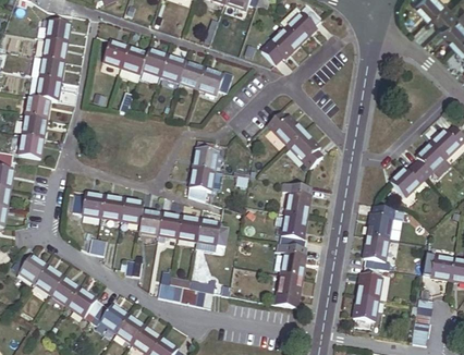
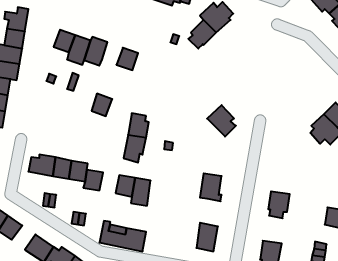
building: [160,56,185,83] -> [92,94,112,116]
building: [197,69,231,96] -> none
building: [266,112,305,148] -> none
building: [389,166,425,198] -> none
building: [283,183,309,218] -> none
building: [365,206,395,240] -> none
building: [156,213,181,243] -> none
building: [279,245,305,279] -> none
building: [355,266,381,299] -> none
building: [50,278,80,307] -> none

